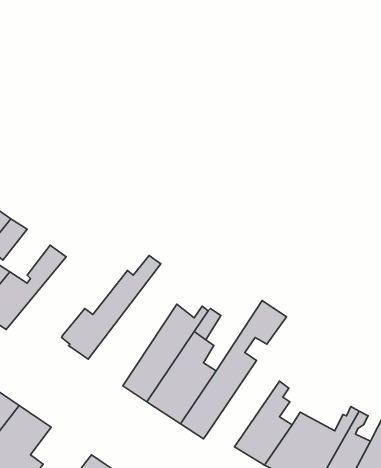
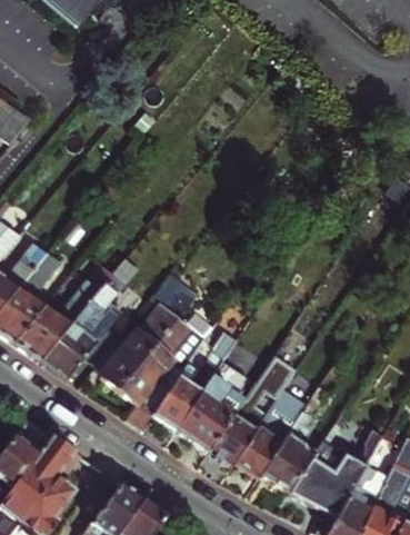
building: none -> [40,260,136,379]
building: none -> [119,316,204,432]
building: none -> [233,389,307,478]

